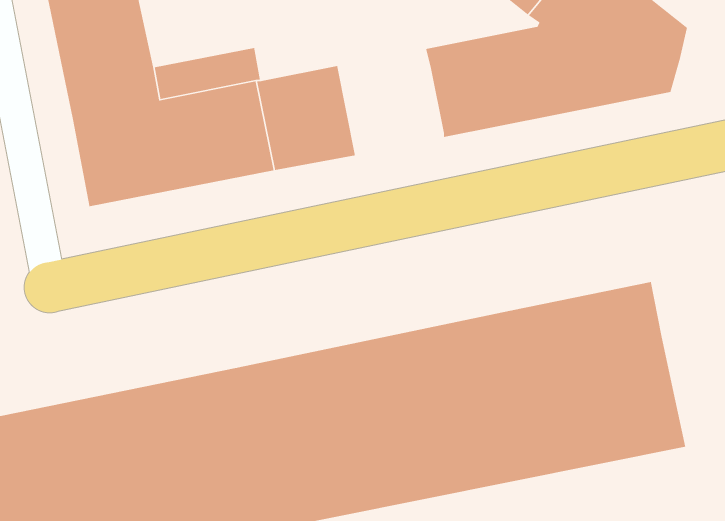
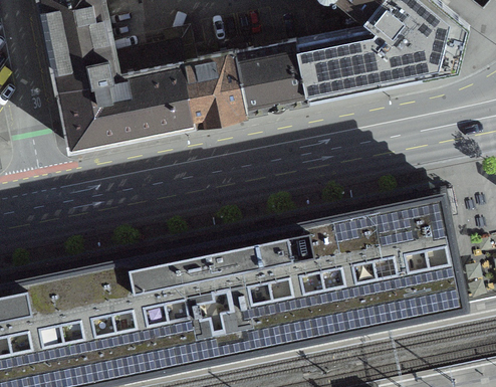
building: none -> [231,43,301,115]

